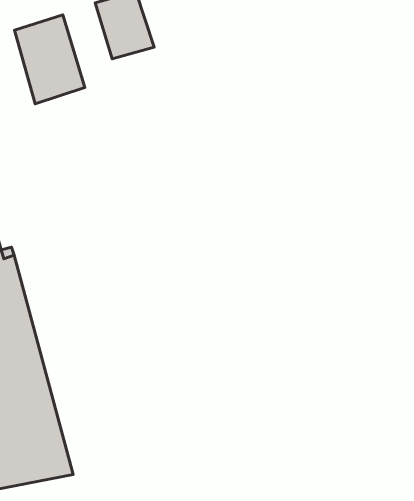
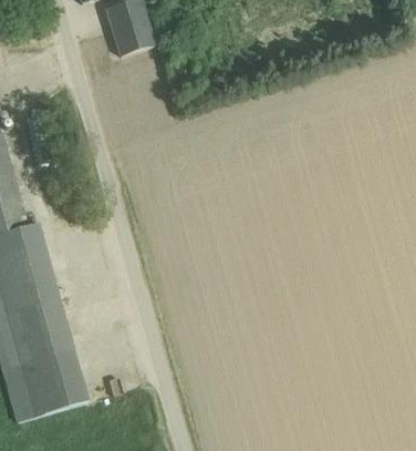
building: [14,15,85,104] -> none

